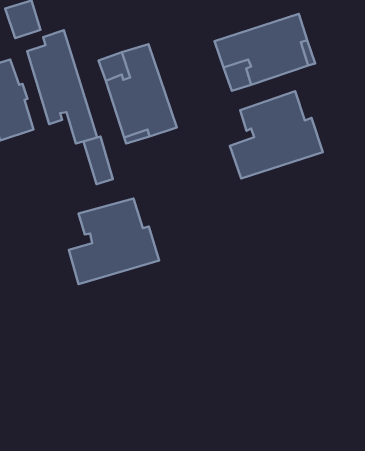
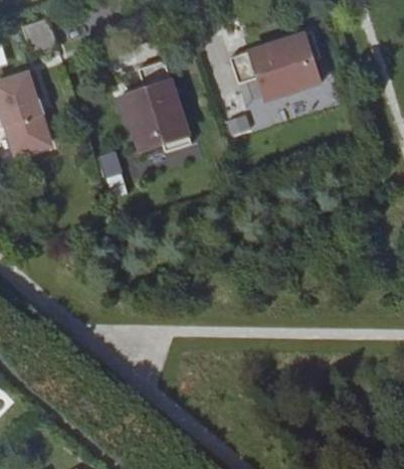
building: [27,30,97,143] -> none
building: [230,91,323,178] -> none
building: [69,198,159,284] -> none

